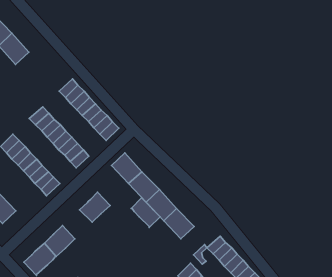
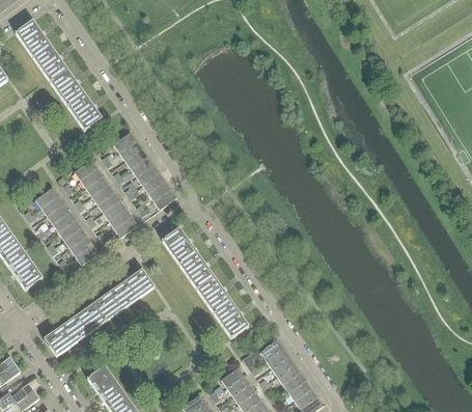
building: none -> [66,93,102,130]
building: [131,198,160,227] -> none
building: none -> [94,286,130,320]

